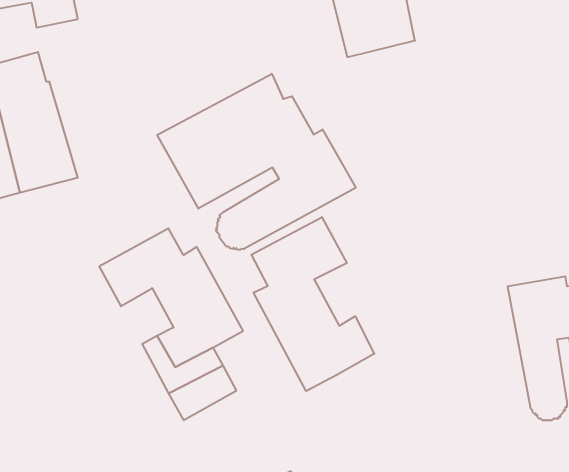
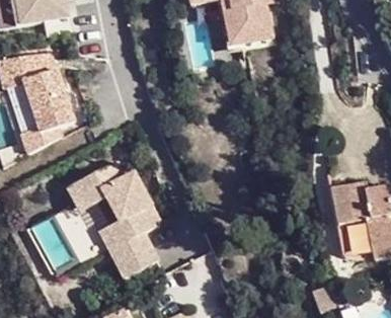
building: [157,74,356,250] -> none
building: [251,217,374,391] -> none

